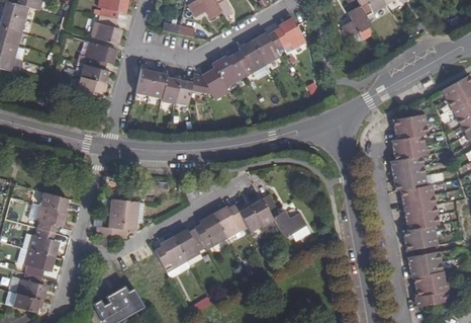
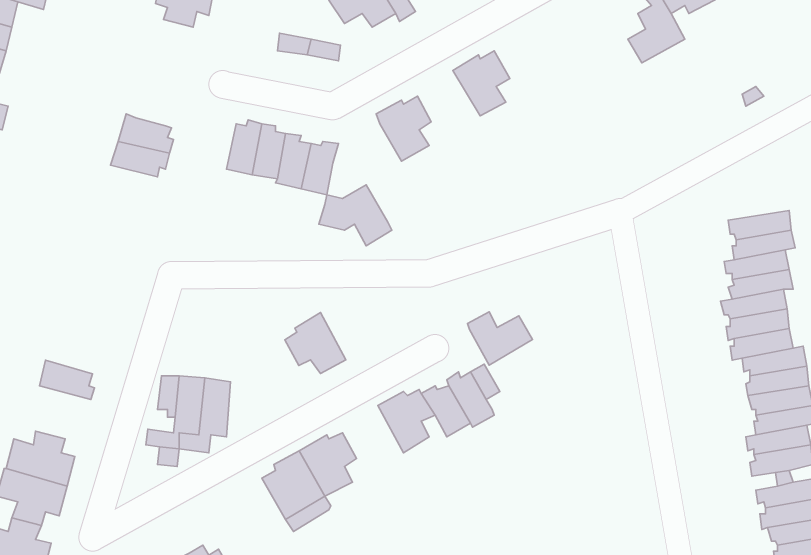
building: [92,15,122,45] -> none
building: [273,18,305,54] -> none
building: [86,42,117,70] -> none
building: [233,42,266,73] -> none
building: [190,69,227,100] -> [319,185,392,246]
building: [34,204,66,231] -> none
building: [272,210,305,237] -> [468,312,532,365]
building: [195,214,226,245] -> [285,312,346,373]

